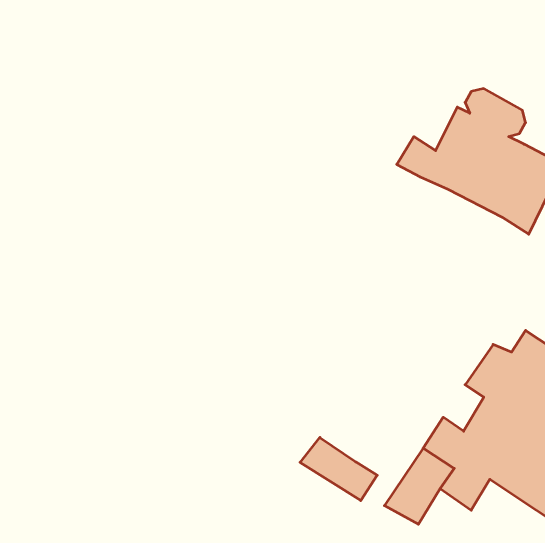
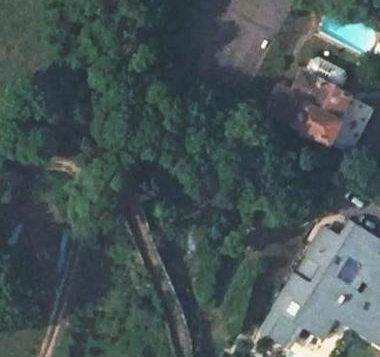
building: [300,437,377,501] -> none

